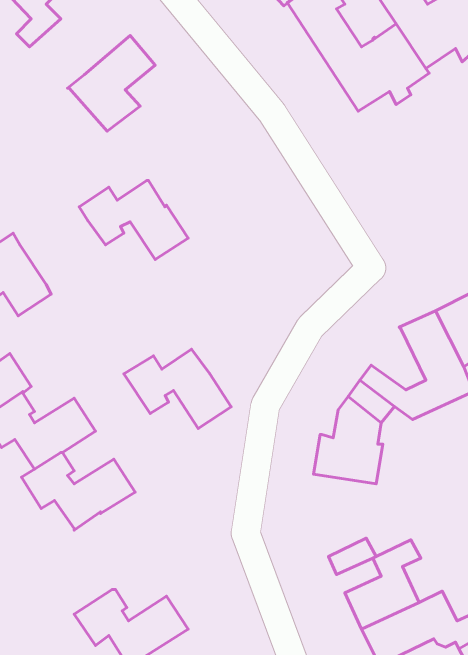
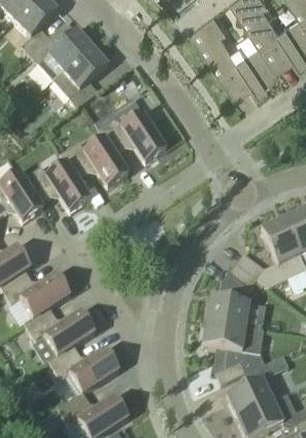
building: none -> [29,28,92,70]
building: none -> [97,110,166,161]
building: [124,349,231,428] -> [23,160,90,210]
building: none -> [202,319,264,352]
building: none -> [48,342,118,391]

